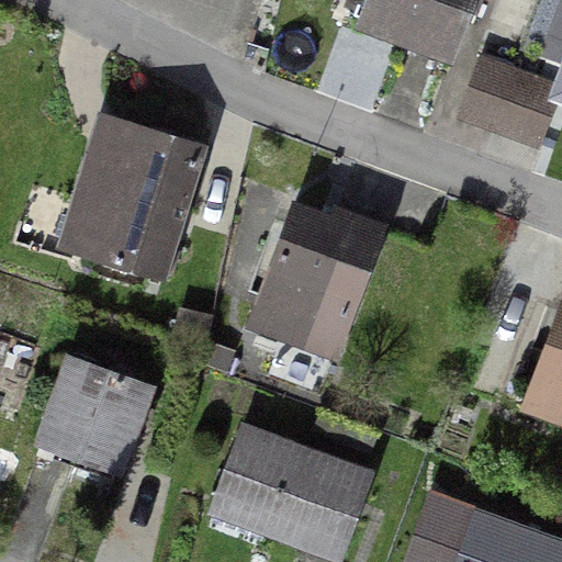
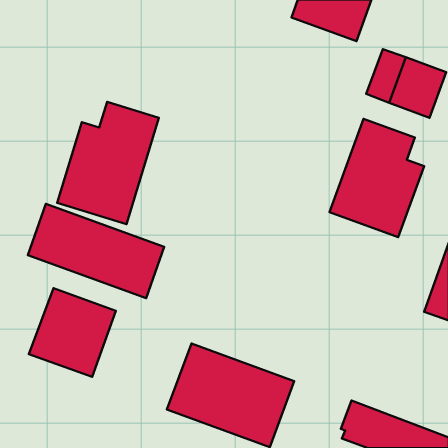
building: none -> [330,119,424,237]
building: [248,207,380,357] -> none
building: none -> [28,204,164,298]

